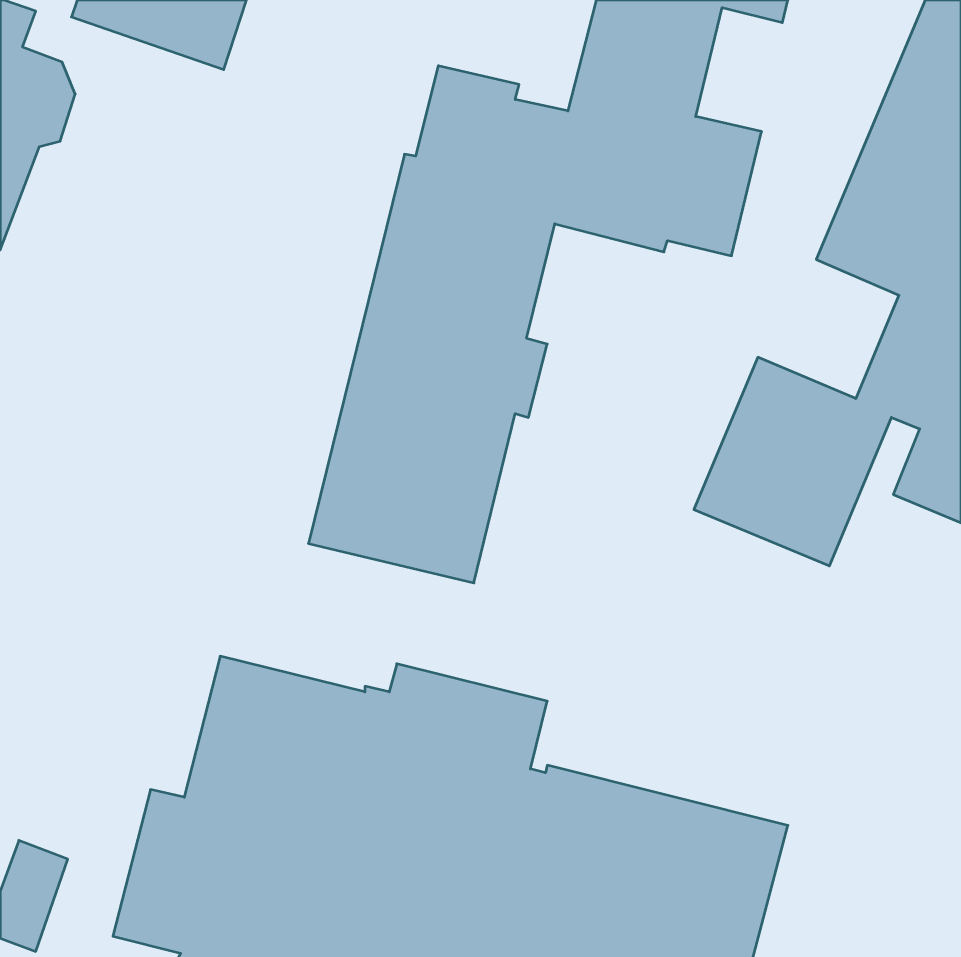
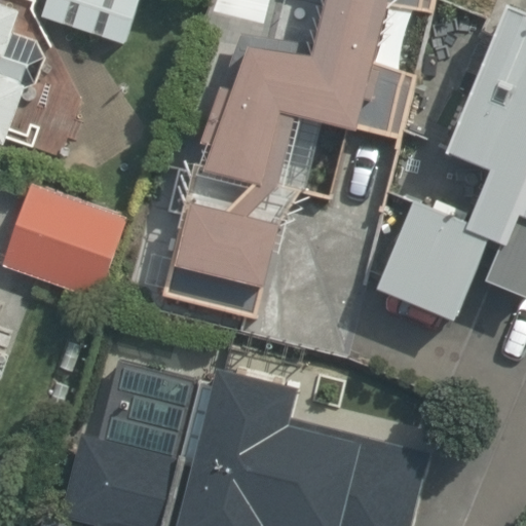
building: none -> [4,190,128,301]

